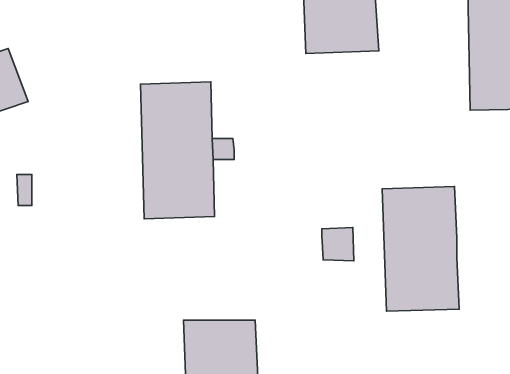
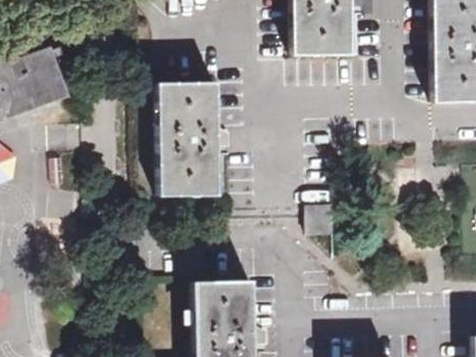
building: [382,187,459,311] -> none

